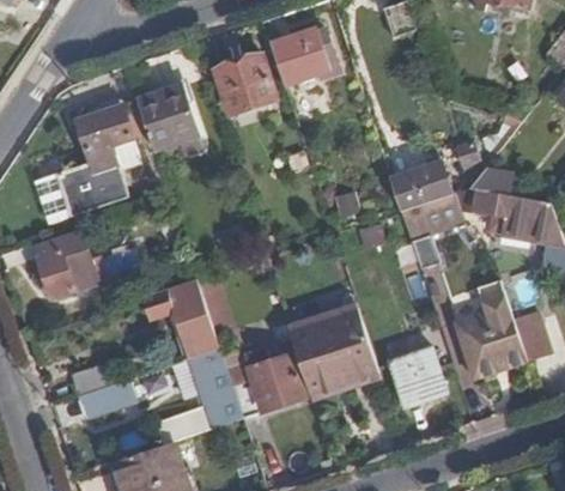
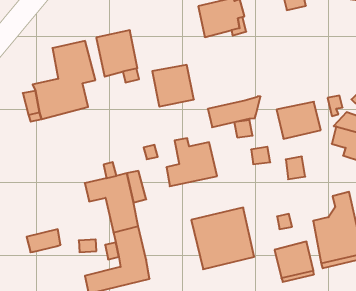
building: [214,55,274,115] -> [152,65,194,107]
building: [402,187,472,235] -> [208,96,261,127]
building: [32,230,95,299] -> none
building: [235,351,304,418] -> [166,138,217,186]
building: [78,382,133,423] -> none

